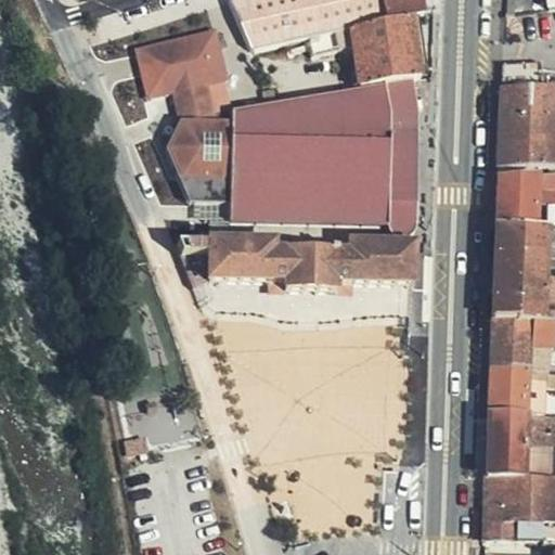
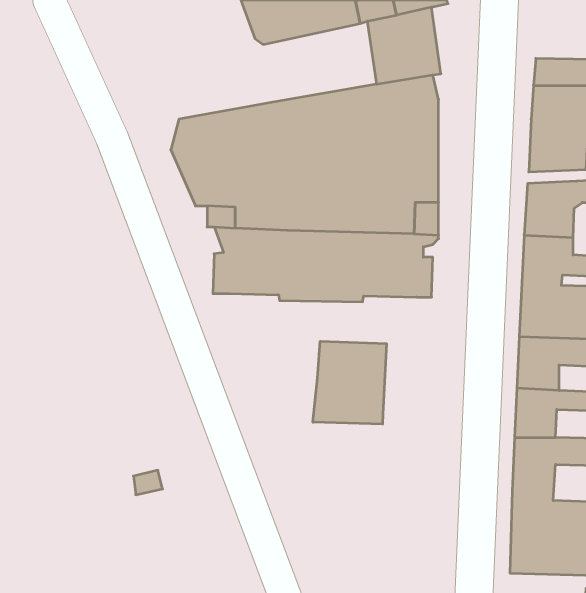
building: [133,22,230,115] -> none
building: none -> [313,341,386,424]

